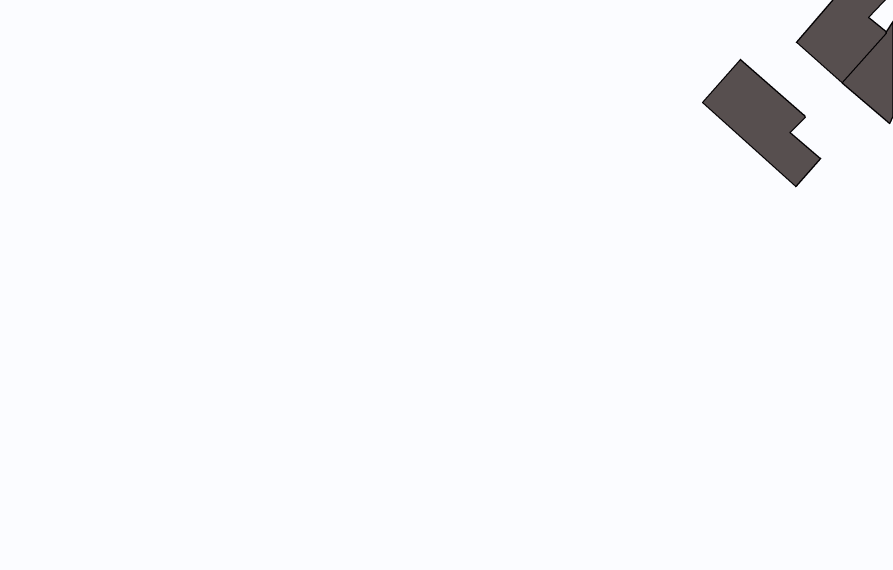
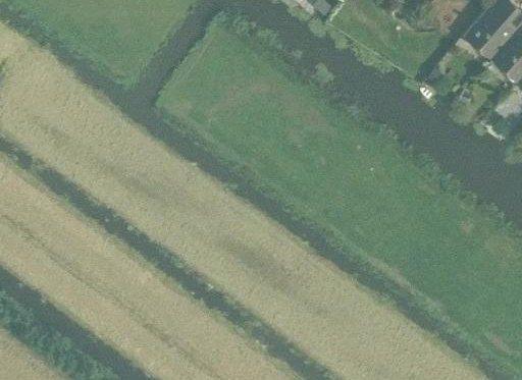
building: [703,59,821,187] -> none

